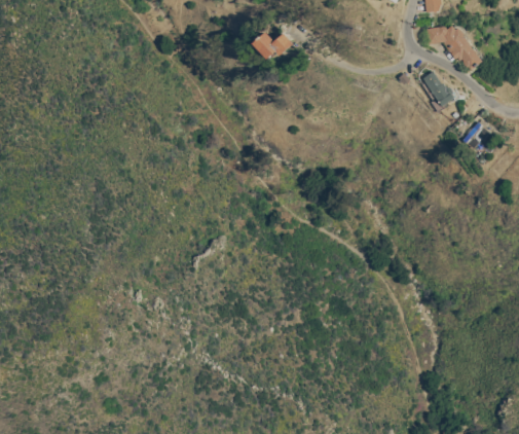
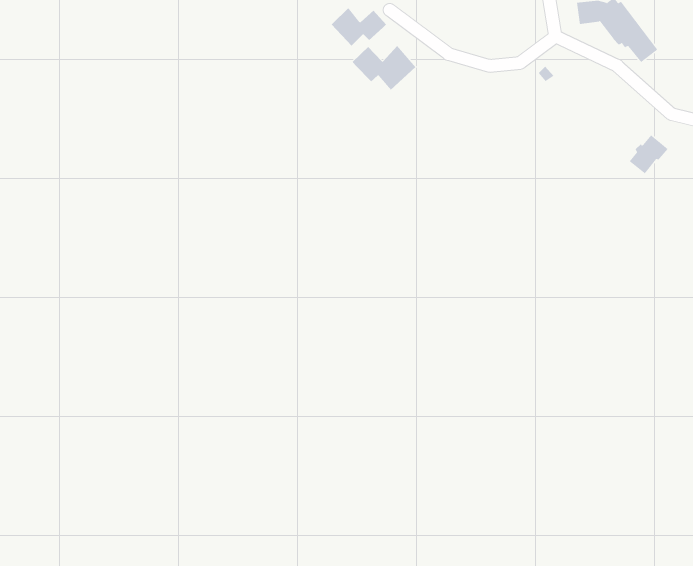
building: none -> [352,45,416,91]
building: [424,72,460,106] -> none

